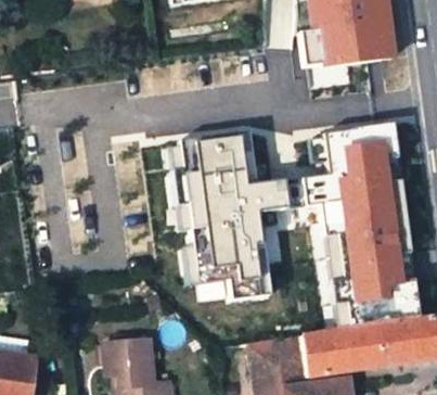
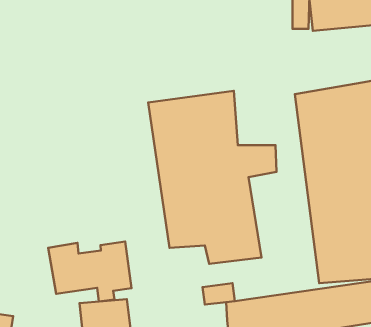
building: none -> [48,242,132,302]

